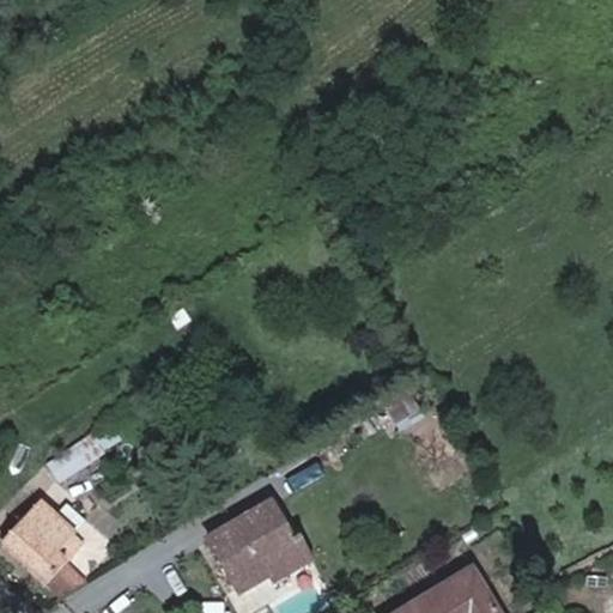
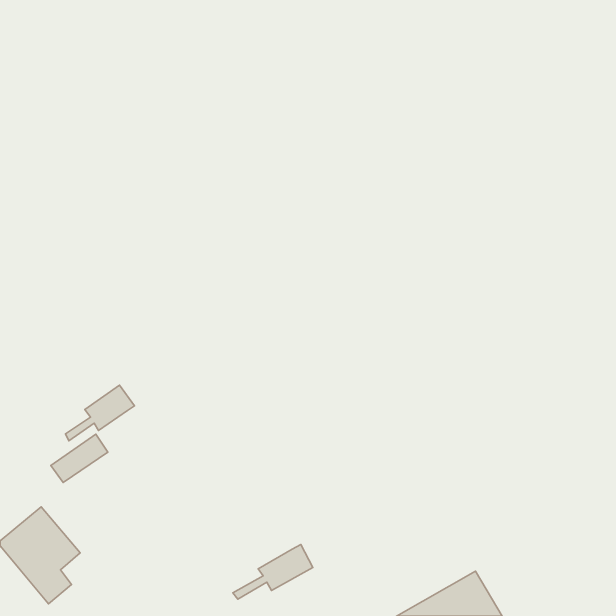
building: none -> [65,385,135,441]
building: [208,505,292,585] -> none

